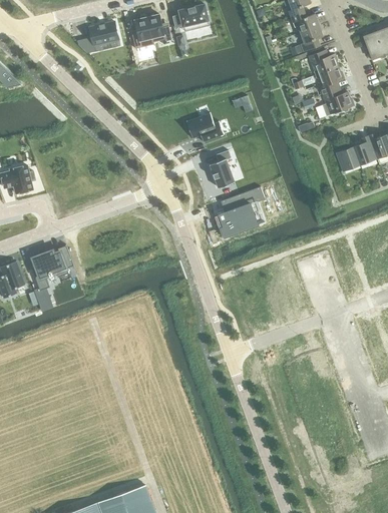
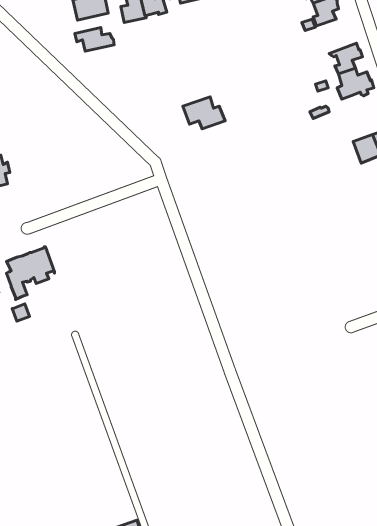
building: [308,51,338,75] -> none
building: none -> [75,27,114,51]
building: [209,150,234,187] -> none
building: [224,184,263,231] -> none

